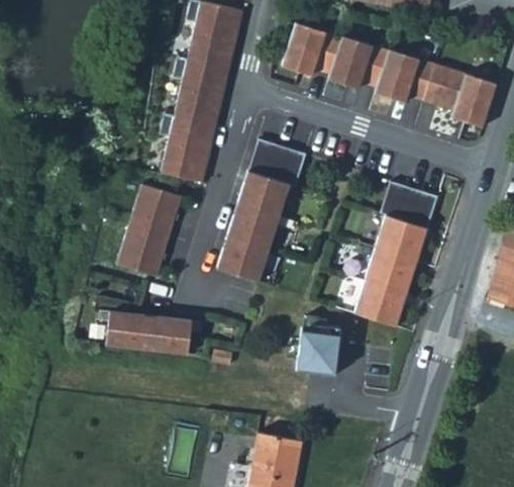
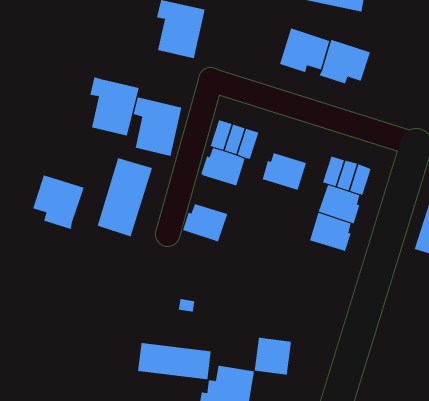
building: [283,20,342,73] -> none
building: [172,57,230,126] -> [89,77,140,136]
building: [425,62,497,123] -> none
building: none -> [33,174,84,230]
building: [227,206,280,251] -> [262,153,307,191]
building: [353,282,404,328] -> none
building: [105,312,192,356] -> [137,343,212,380]
building: [296,330,340,375] -> [254,337,292,375]

